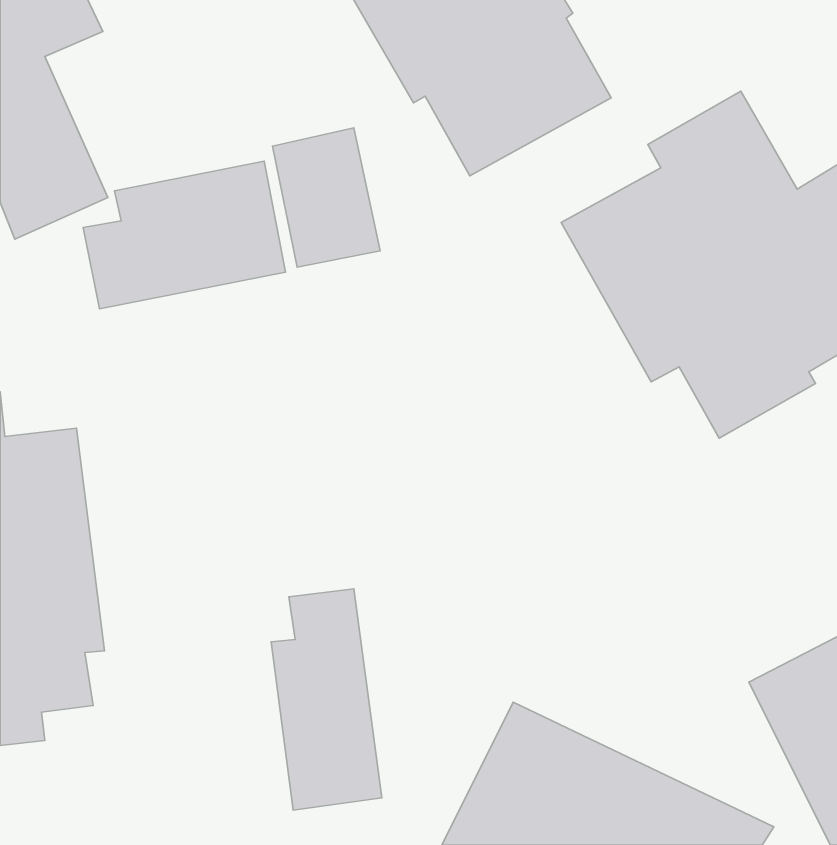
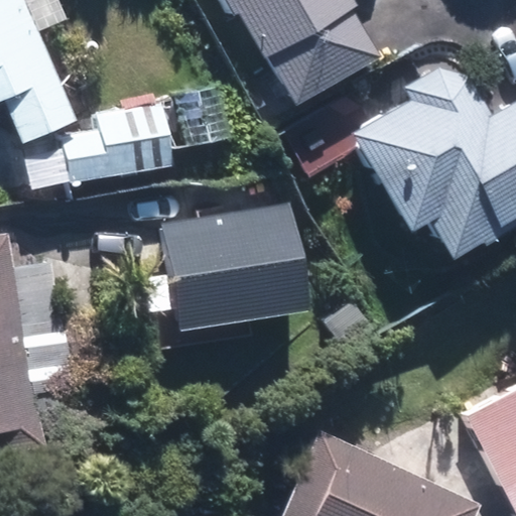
building: none -> [145,204,302,348]
building: [271,589,382,810] -> none

